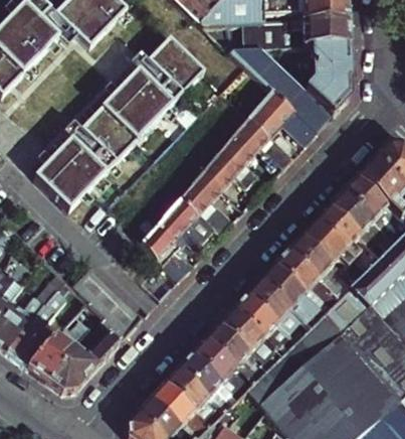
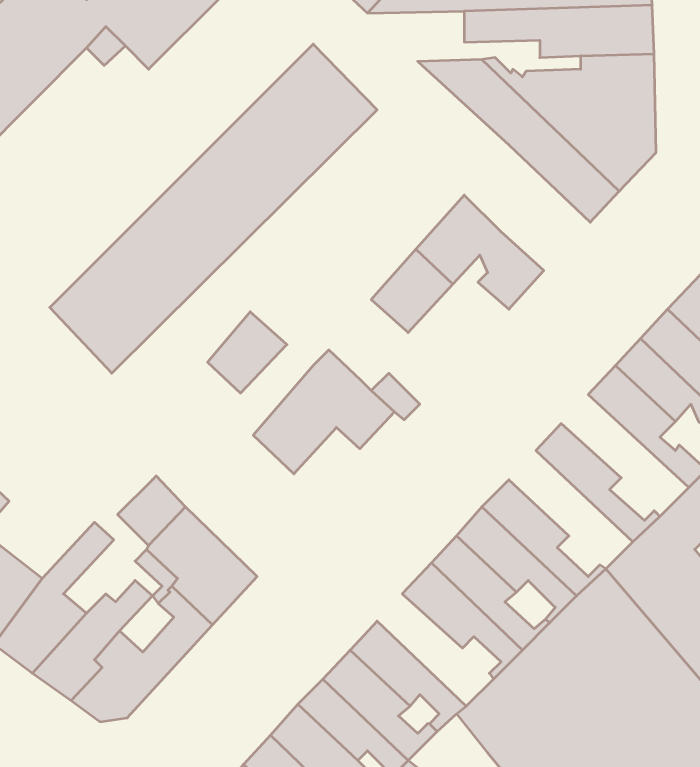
building: [250,90,316,142] -> none
building: [180,170,221,212] -> [208,312,287,393]
building: [300,220,367,283] -> none
building: [273,249,338,310] -> none
building: [205,323,265,382] -> none

